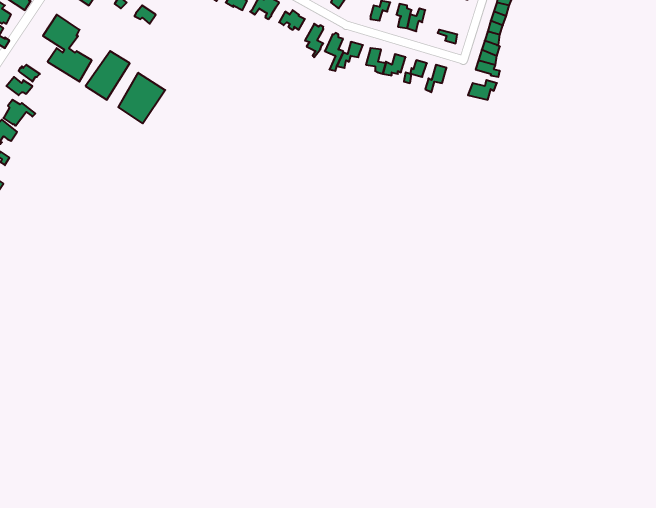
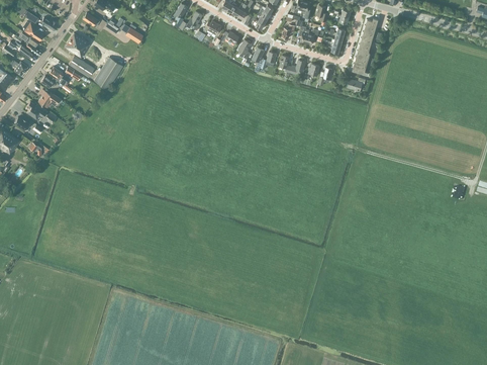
building: [118,73,165,123] -> none

